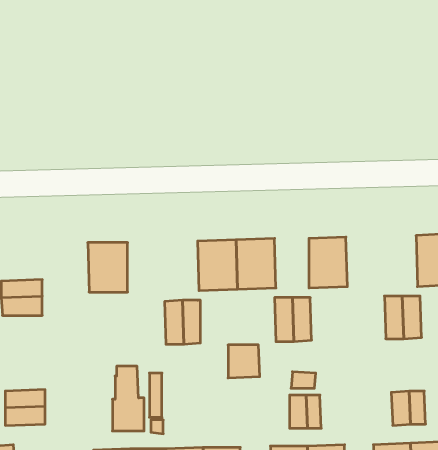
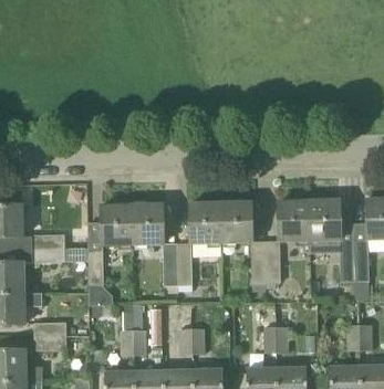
building: none -> [308,199,340,240]
building: none -> [132,203,163,244]
building: none -> [86,253,112,306]
building: [228,345,260,378] -> [178,329,204,356]

